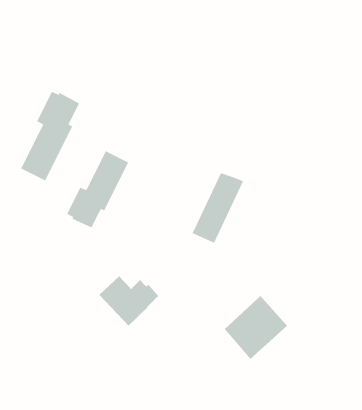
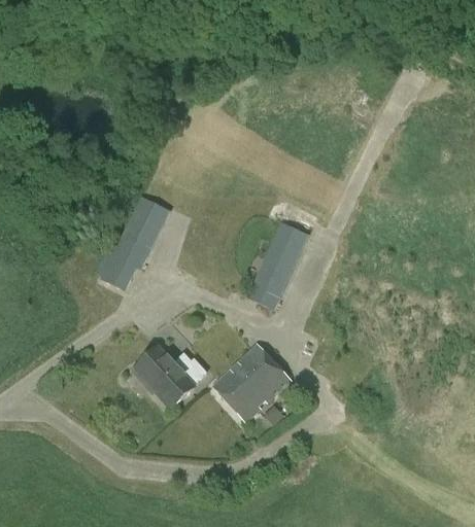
building: [20,91,80,181] -> none
building: [224,295,288,360] -> [212,343,290,421]

